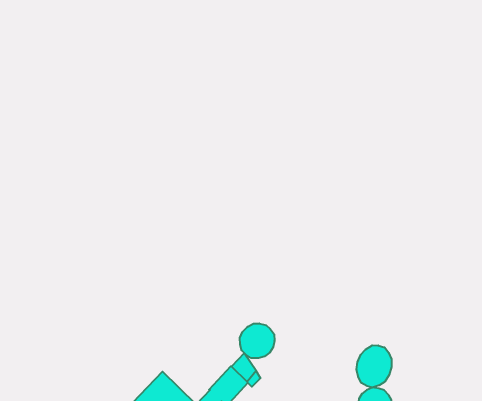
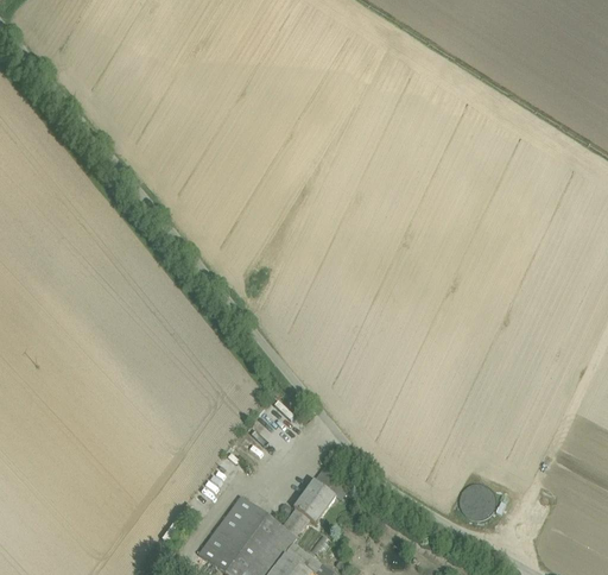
building: [240,323,274,358] -> none
building: [357,345,392,388] -> none

